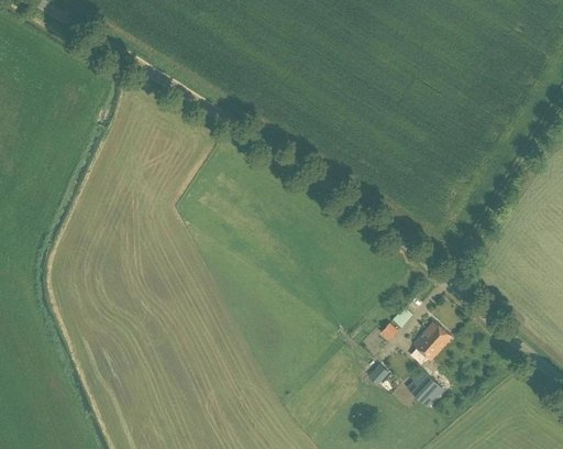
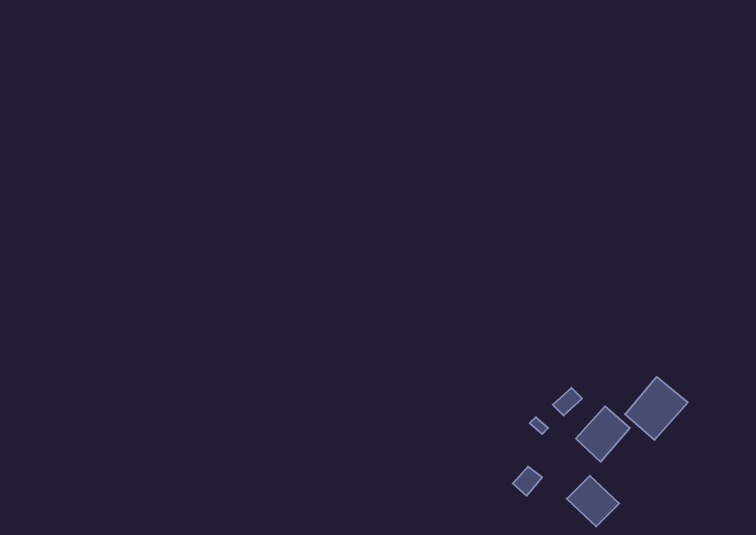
building: none -> [625,377,688,440]

